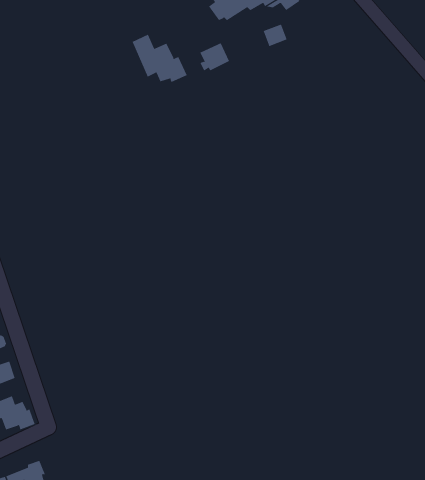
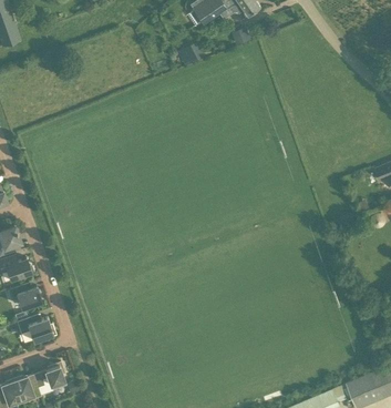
building: [132,34,187,83] -> none

